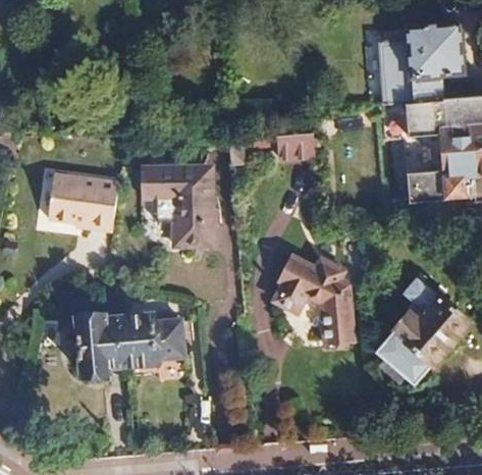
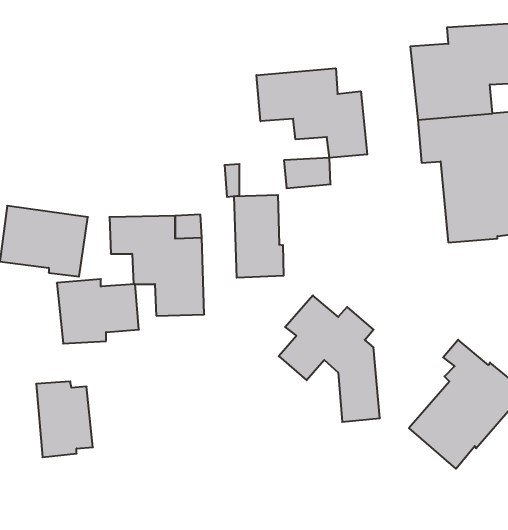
building: none -> [256,68,367,158]
building: none -> [234,195,284,278]
building: [118,314,184,366] -> [57,279,139,344]

